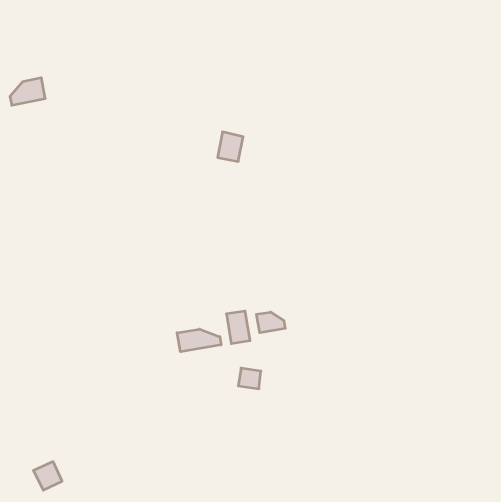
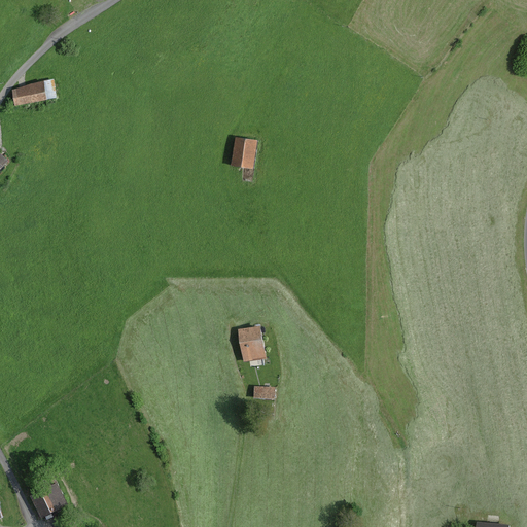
building: [256,312,285,333] -> none
building: [177,329,221,352] -> none

